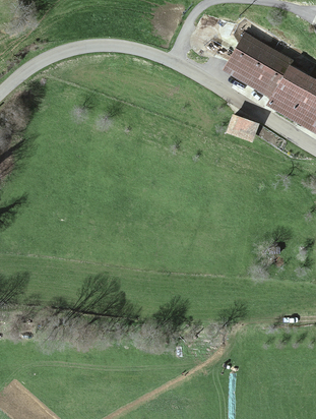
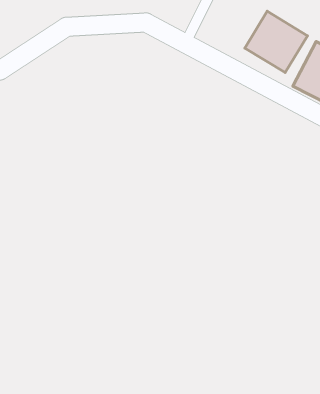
building: [227,117,257,140] -> none

